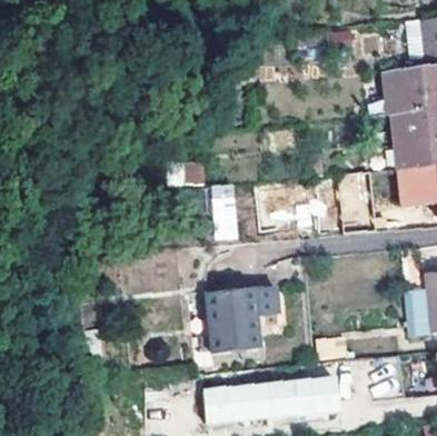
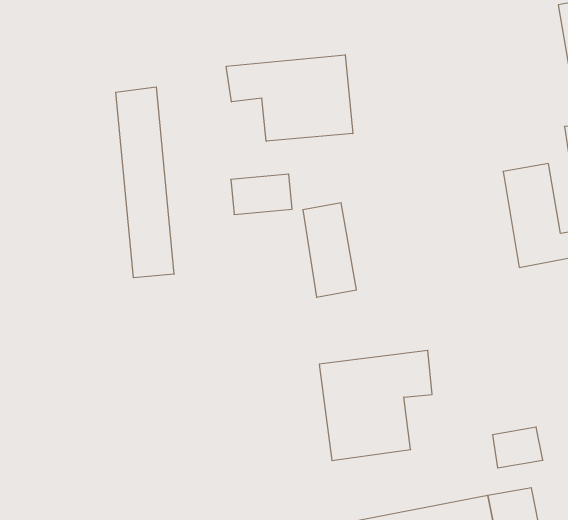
building: none -> [226,55,353,141]
building: none -> [116,87,174,278]

